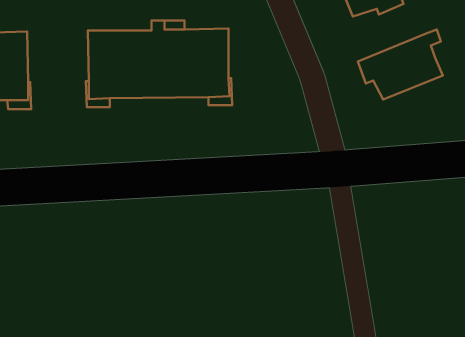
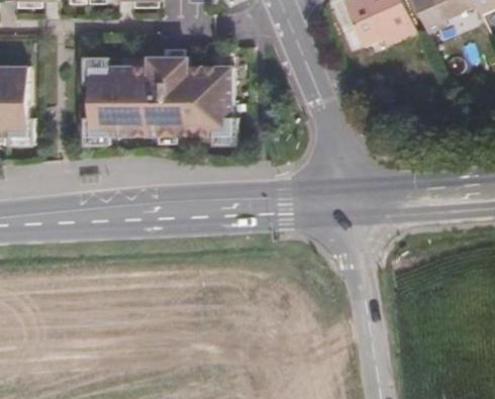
building: [358,30,443,100] -> none

